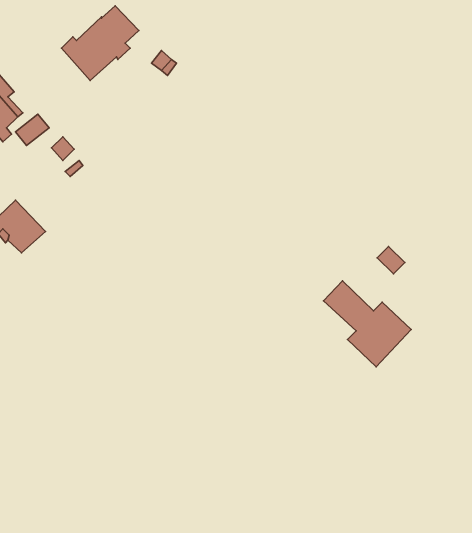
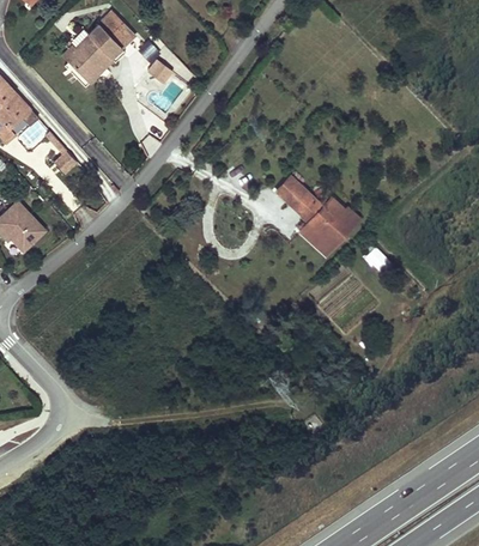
building: [324,281,411,367] -> [272,169,356,251]

